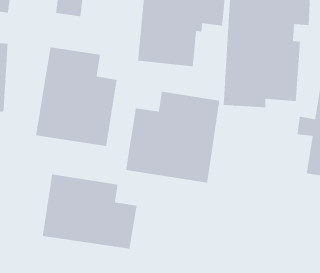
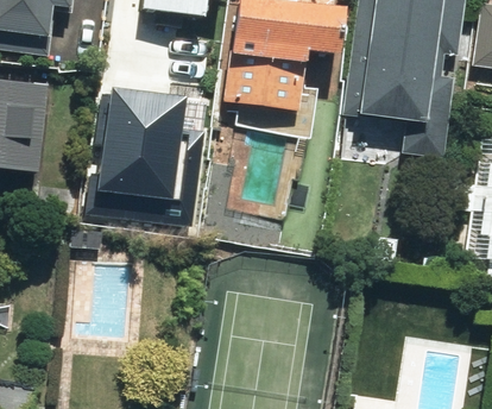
building: [125,91,220,183] -> none
building: [42,174,137,250] -> none

